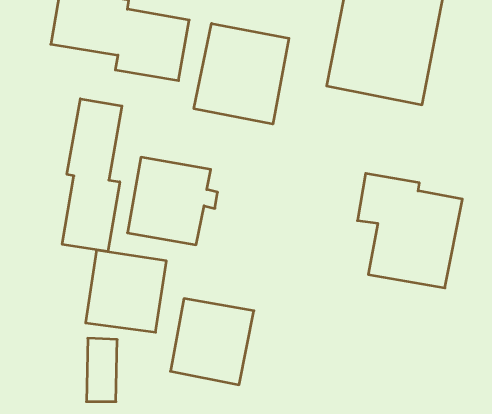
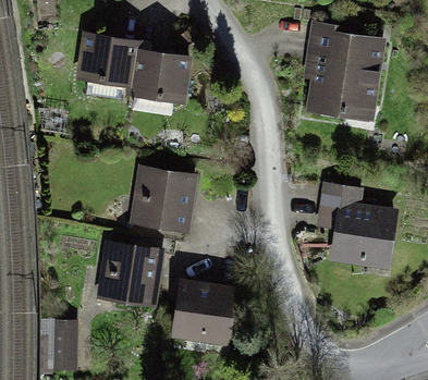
building: [194,23,289,124] -> none
building: [62,99,122,252] -> none
building: [86,338,117,402] -> [54,315,80,366]

